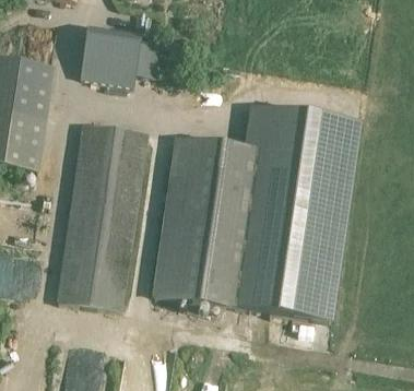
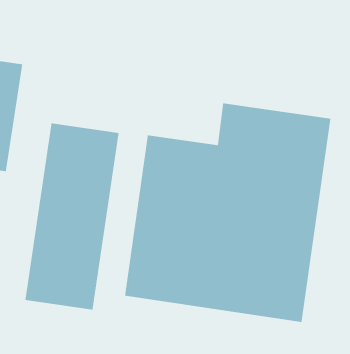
building: [81,24,162,86] -> none

